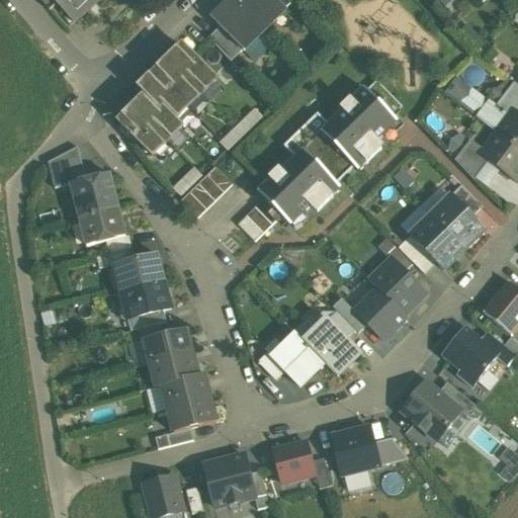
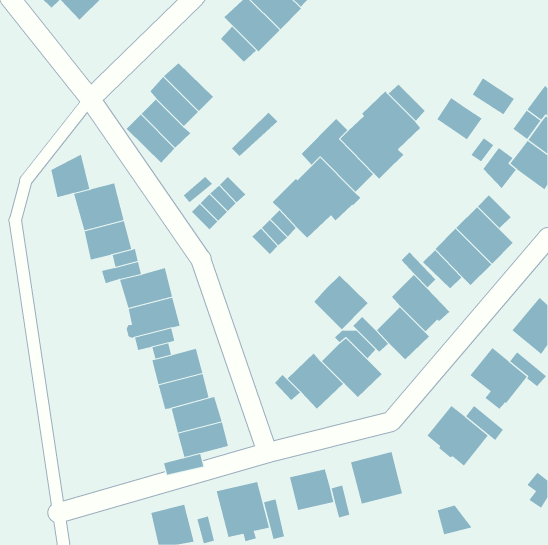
building: [168,45,215,91] -> none
building: none -> [436,97,483,140]
building: none -> [314,275,369,330]
building: [373,436,407,464] -> [437,505,472,535]

